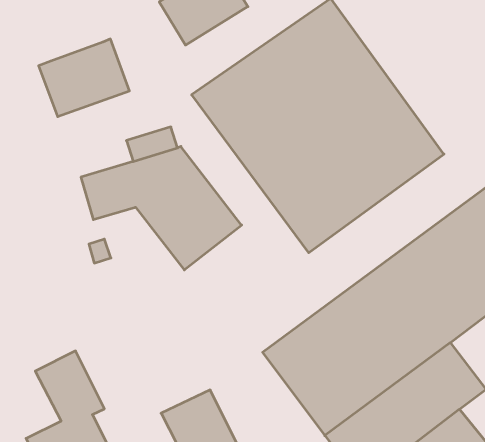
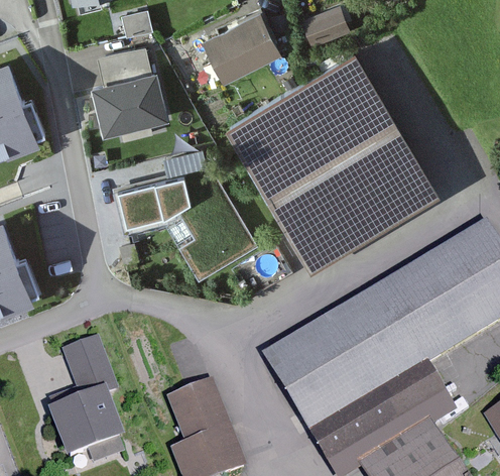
building: none -> [98,47,150,82]

